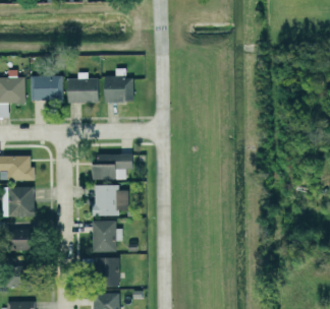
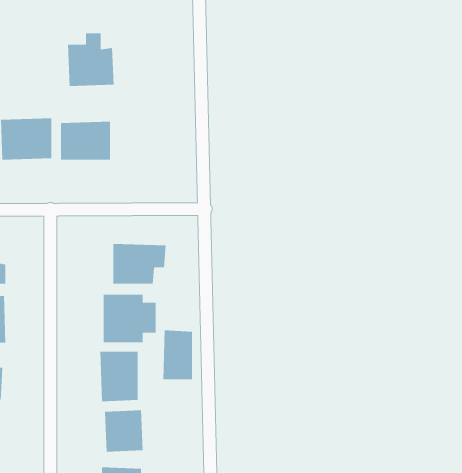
building: [105,68,134,102] -> [67,33,114,87]
building: none -> [163,330,193,380]

